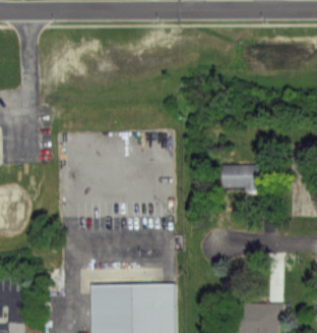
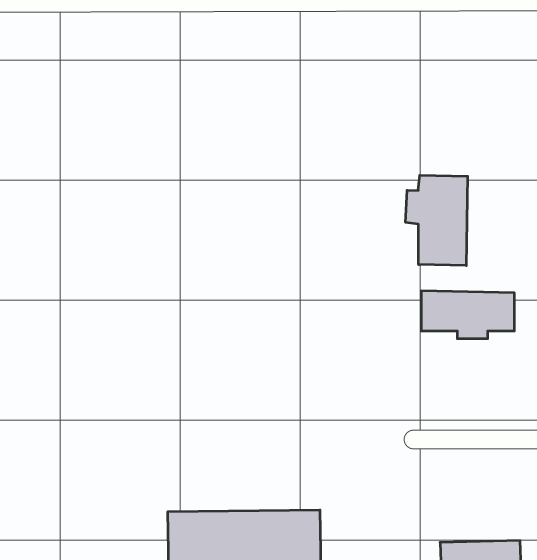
building: none -> [406,175,468,266]

